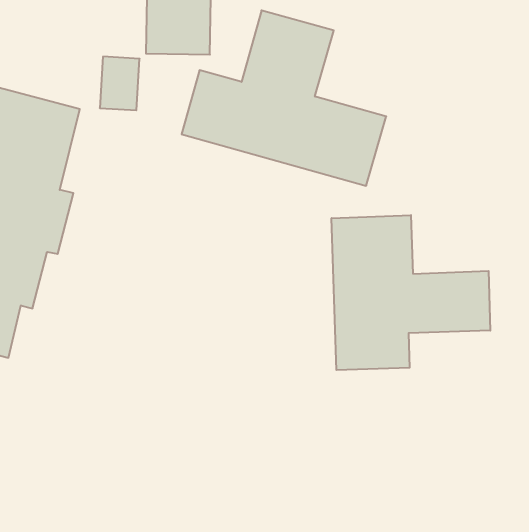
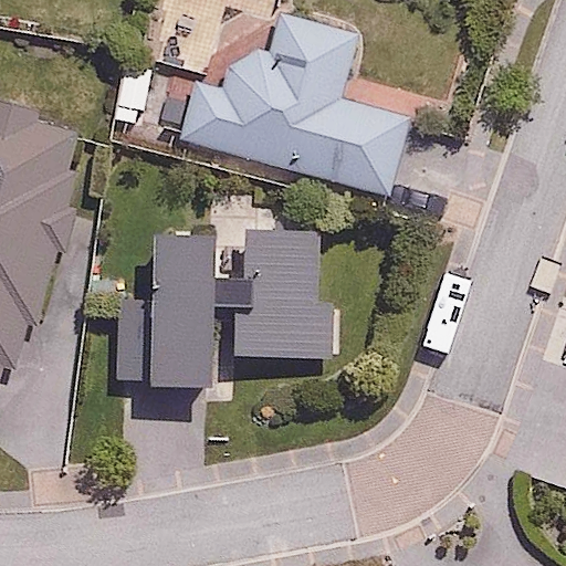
building: [332,215,490,370] -> none
building: none -> [113,230,331,387]

